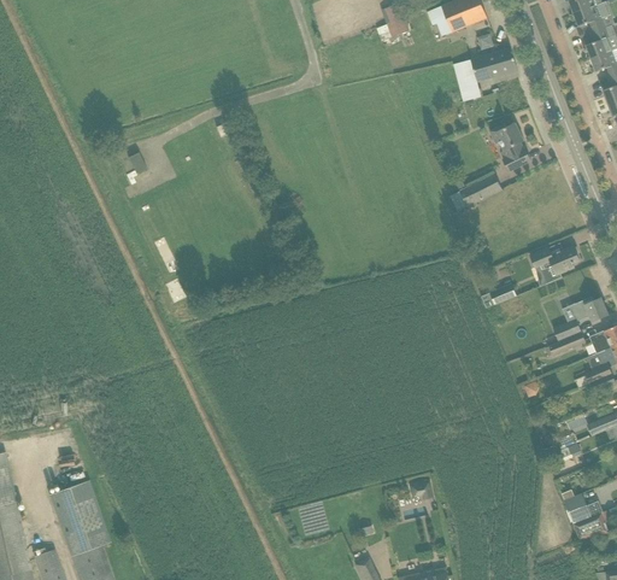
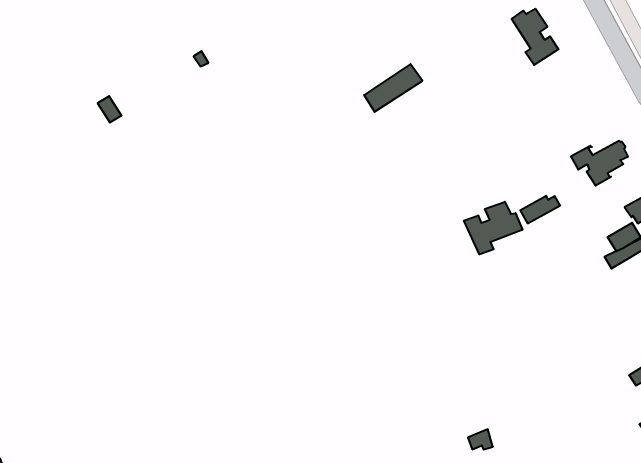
building: [451,174,503,211] -> [364,64,422,112]
building: none -> [464,202,522,254]

